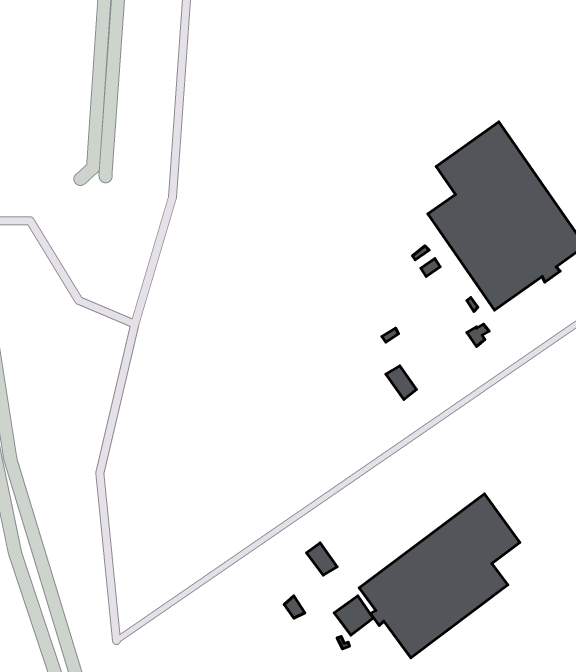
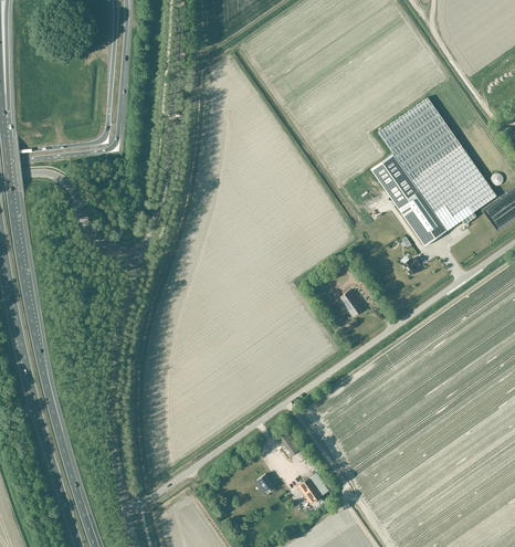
building: [359,494,520,658] -> none

